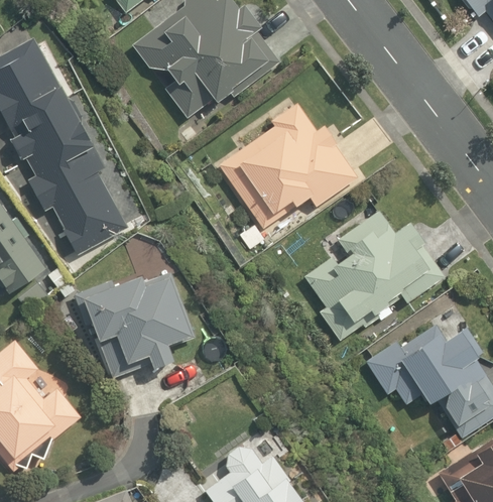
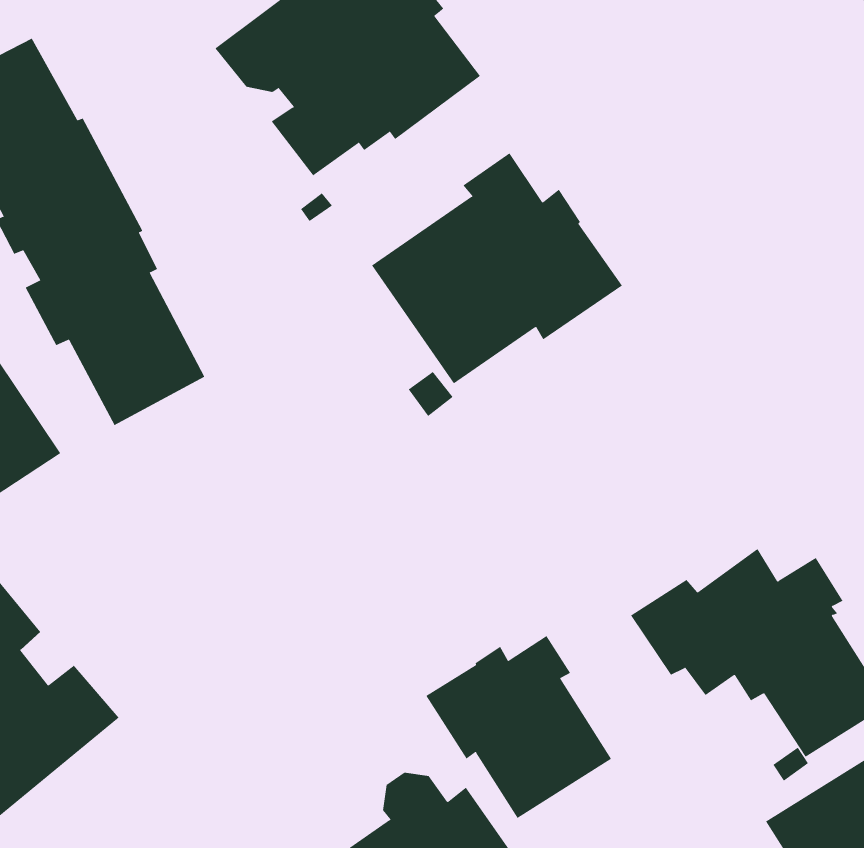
building: [303,212,444,342] -> none
building: [75,275,192,375] -> none
building: none -> [425,635,612,819]

